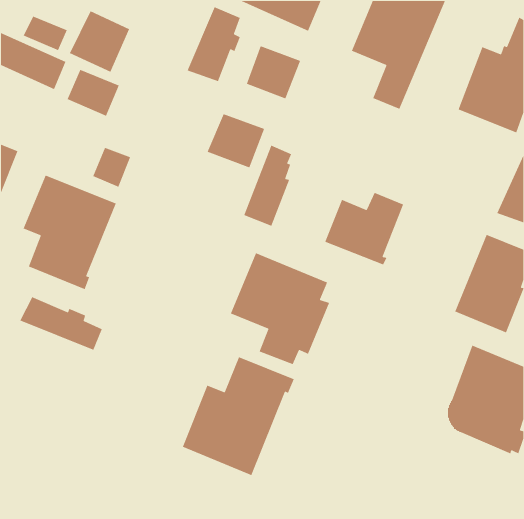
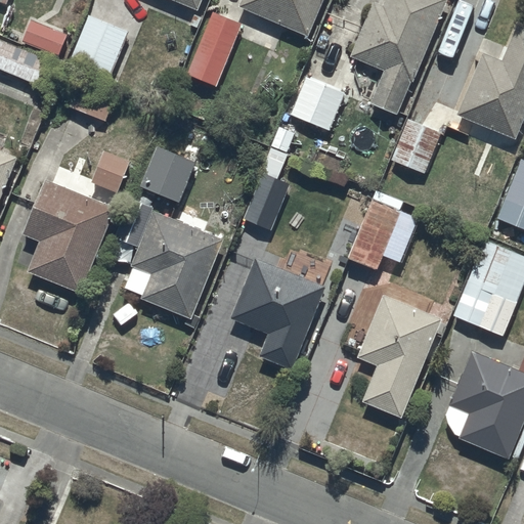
building: [246,45,301,100] -> [291,77,346,131]
building: [207,113,265,169] -> [138,145,196,201]
building: none -> [392,120,441,173]
building: none -> [116,205,223,317]
building: none -> [357,294,441,417]
building: [19,296,103,351] -> none
building: [182,356,295,476] -> none

